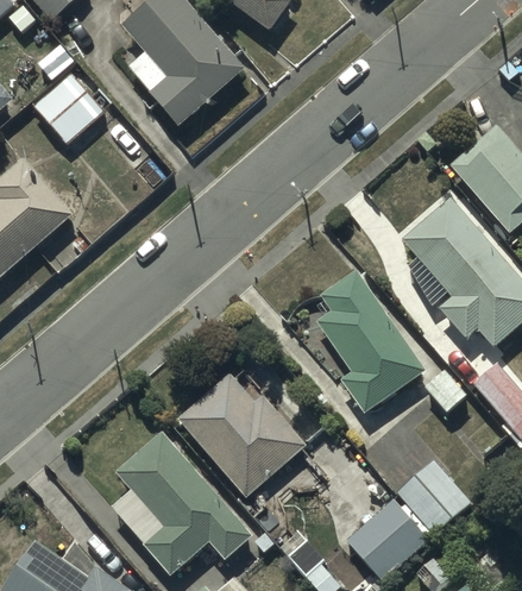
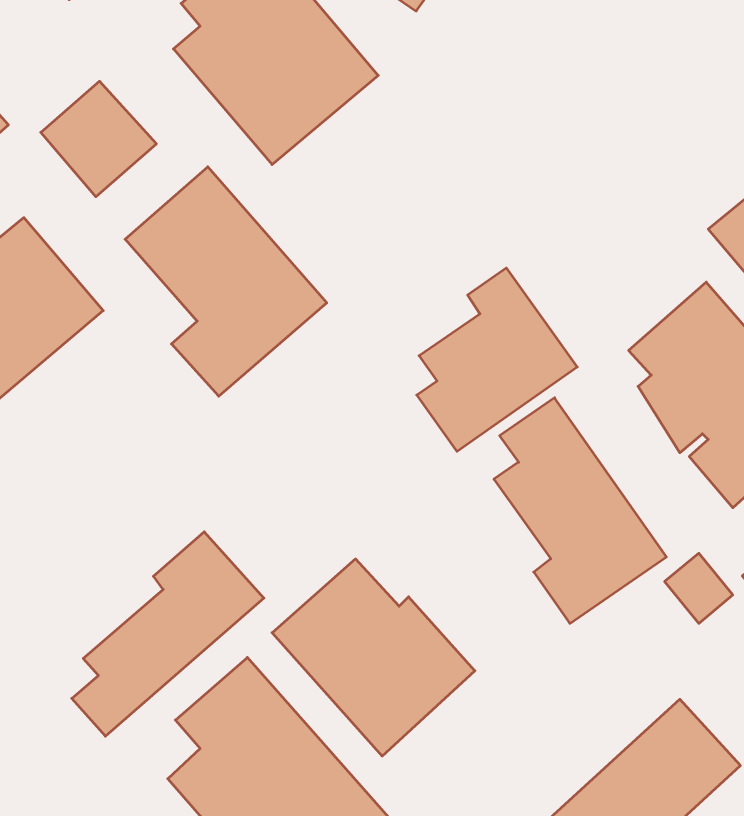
building: none -> [125,167,327,396]
building: none -> [417,268,577,451]
building: none -> [72,532,264,736]

